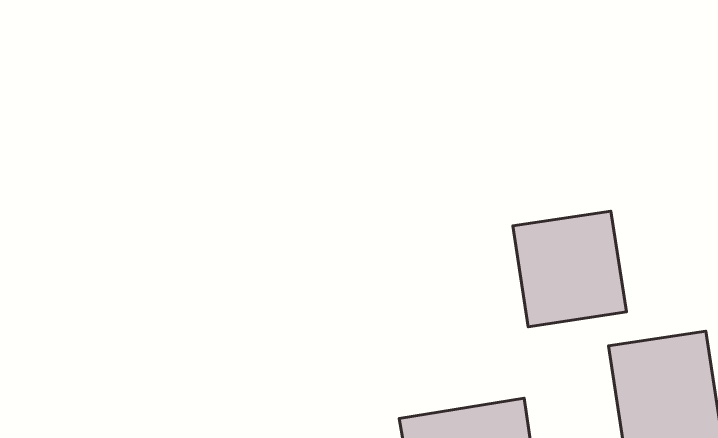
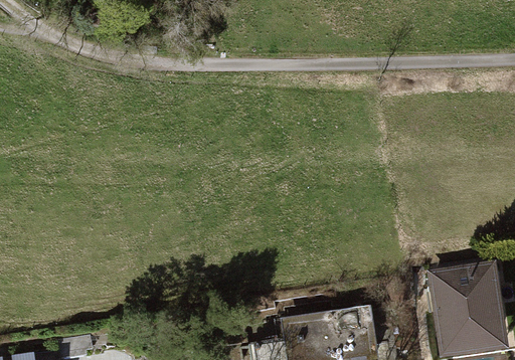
building: [513,211,626,327] -> none

